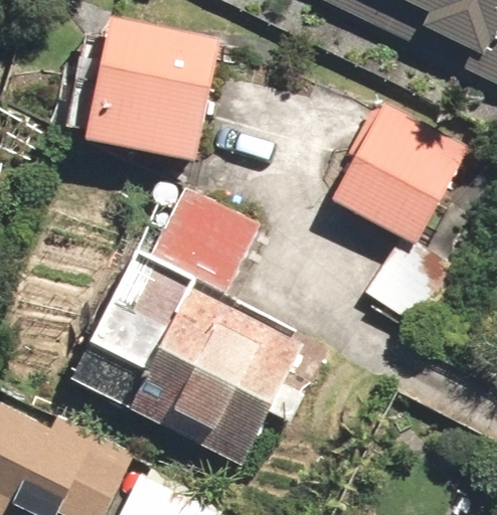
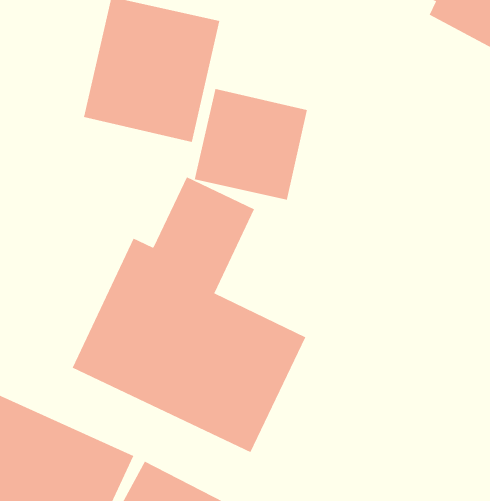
building: [321,101,471,250] -> none
building: none -> [194,88,308,200]

